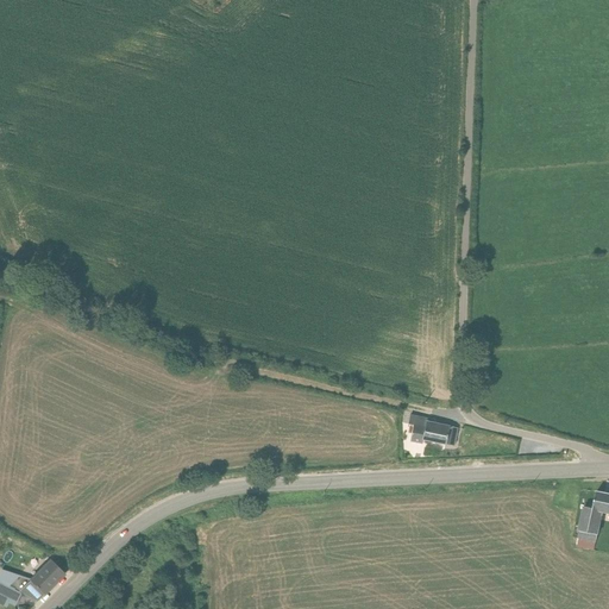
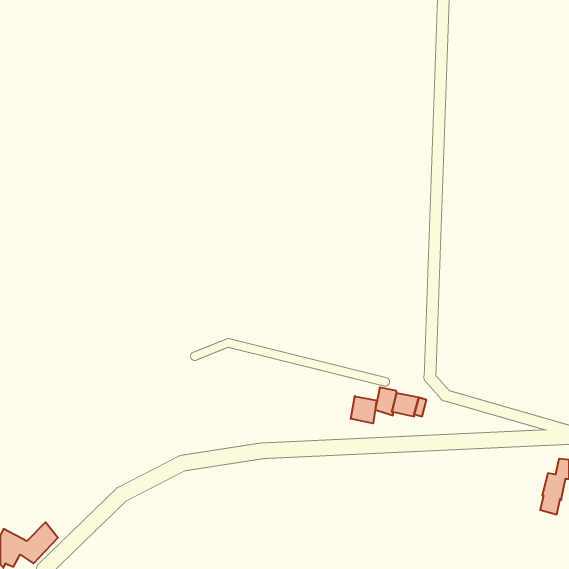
building: none -> [351,396,377,423]

